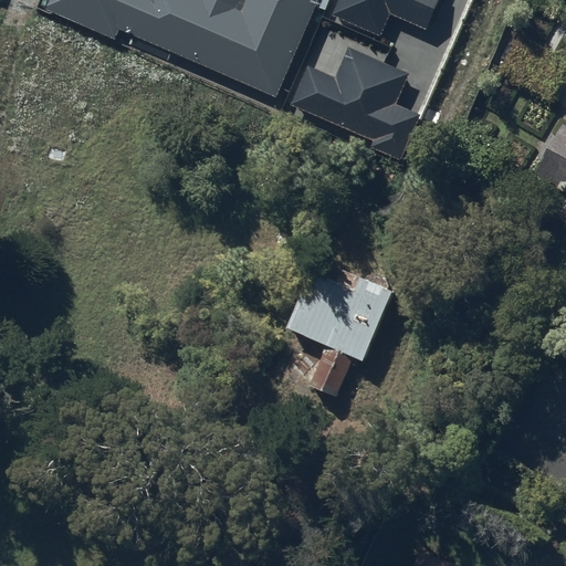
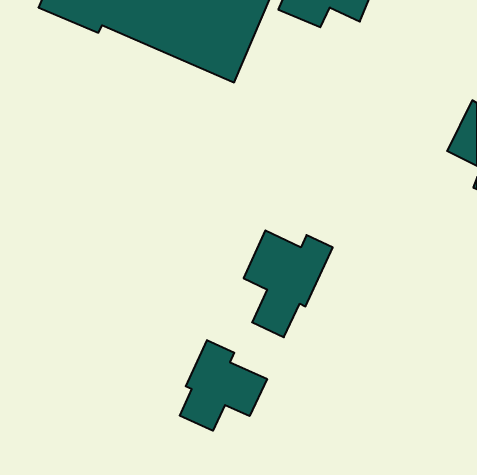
building: [289,42,418,154] -> none
building: none -> [180,340,267,431]

